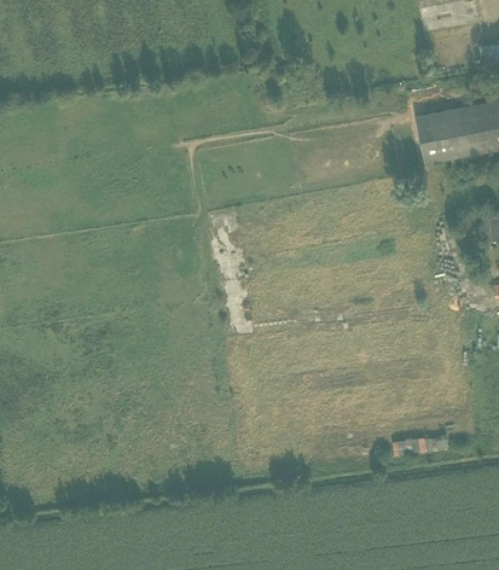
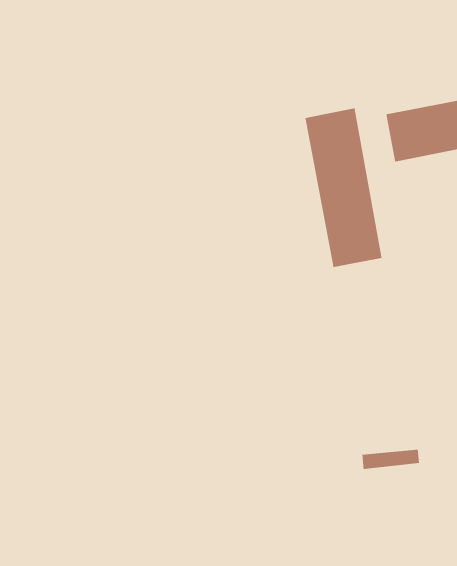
building: none -> [305,108,382,268]

